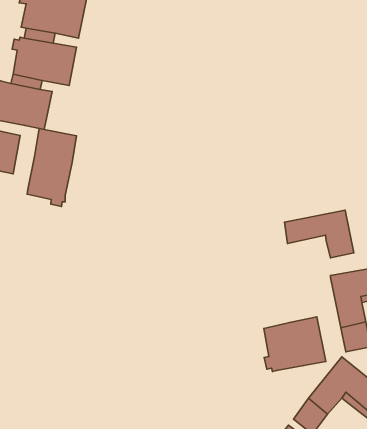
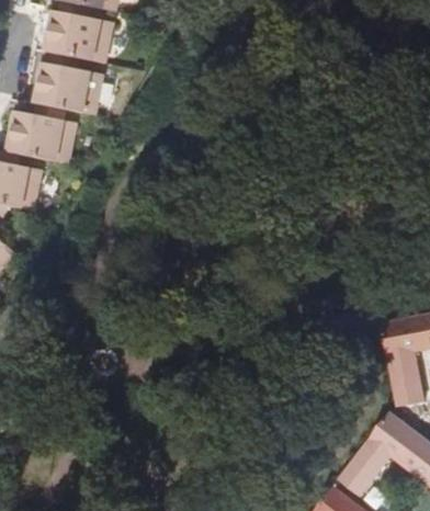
building: [27,129,76,206] -> none
building: [285,210,354,258] -> none
building: [264,317,326,372] -> none

